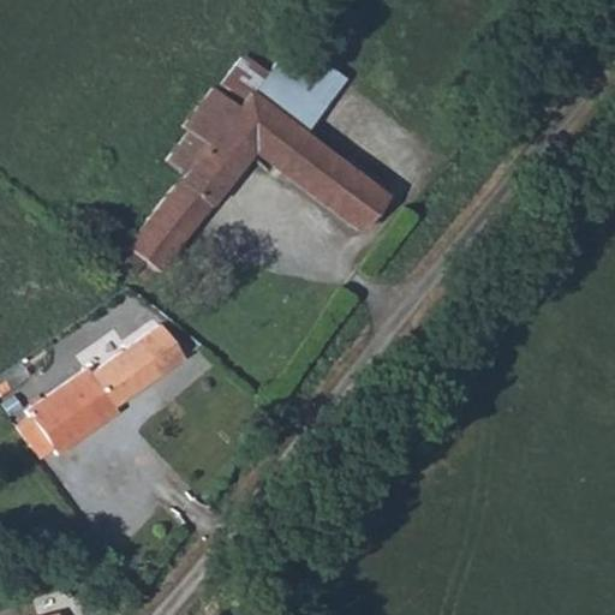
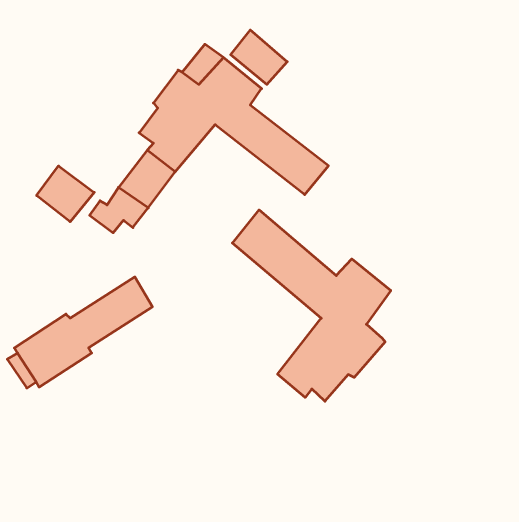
building: none -> [37,166,94,222]
building: none -> [232,210,391,401]

